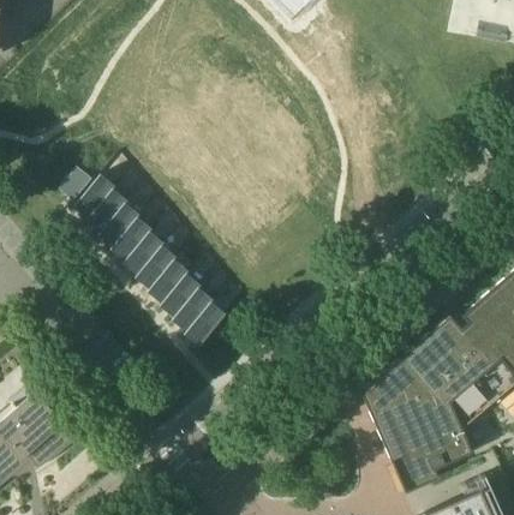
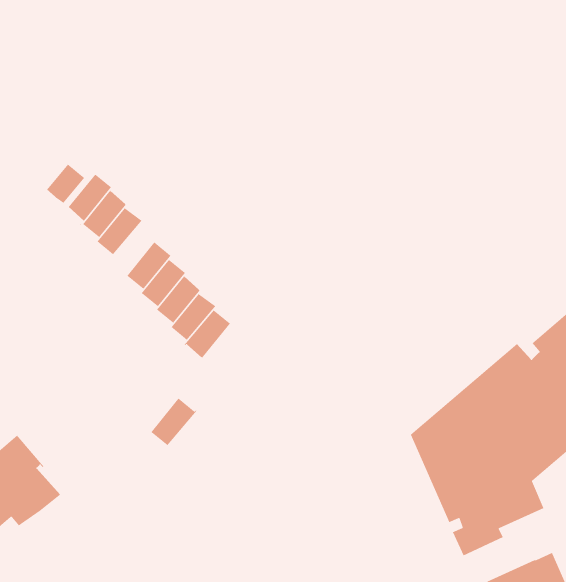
building: [112,214,151,261] -> none
building: [186,299,226,346] -> [150,394,198,450]

